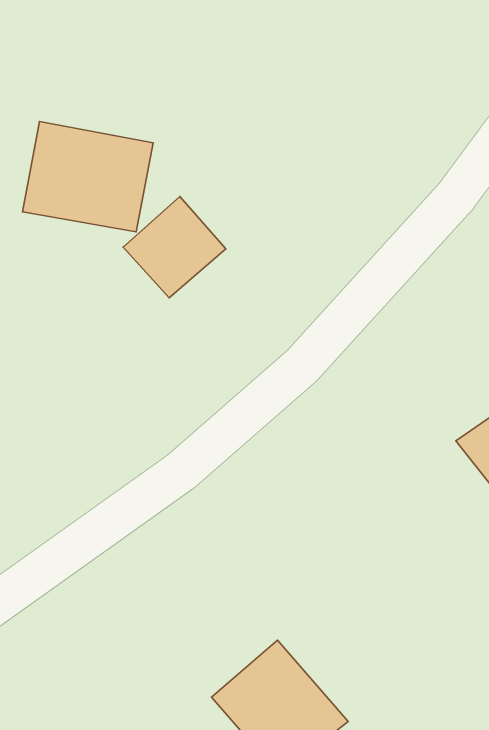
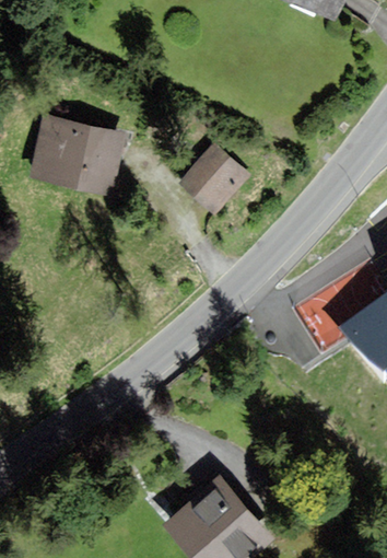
building: [123,197,226,298] -> [176,135,249,207]

